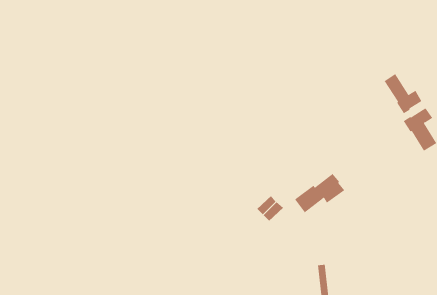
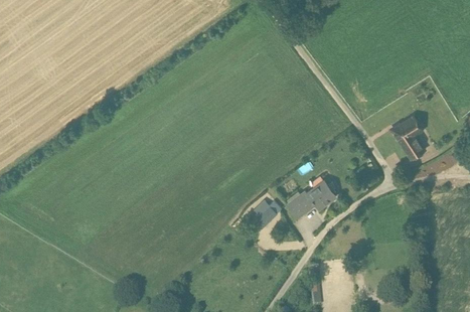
building: [384,73,422,114] -> none

